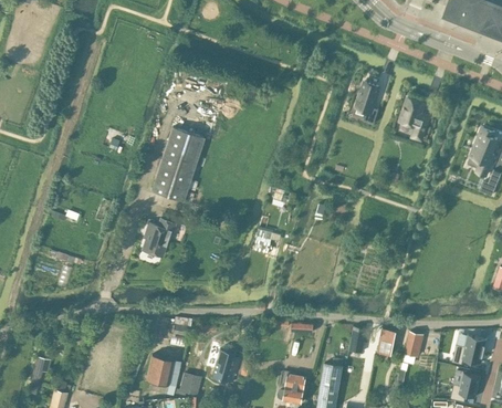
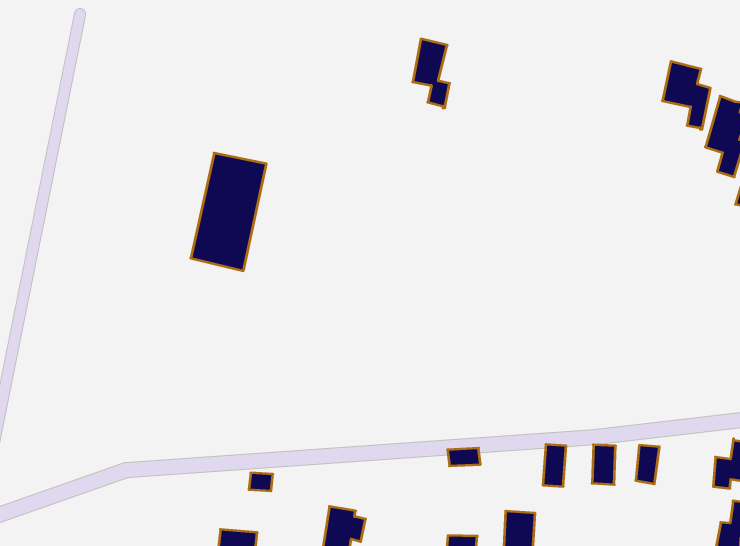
building: [356,82,379,125] -> [413,39,450,108]
building: [399,98,429,142] -> [662,61,710,129]
building: [142,219,176,257] -> none

